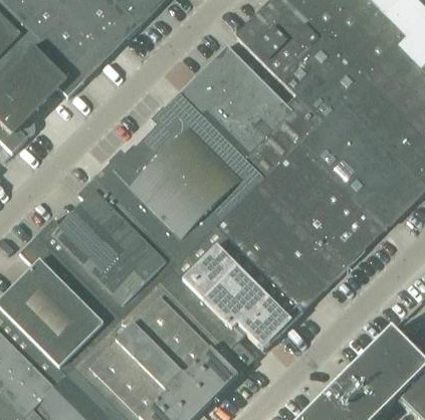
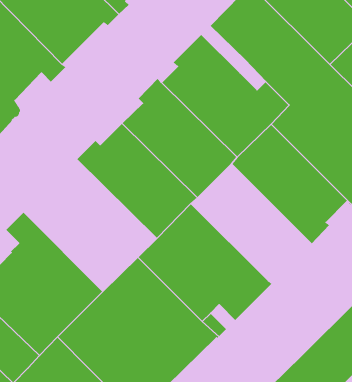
building: [38,178,180,319] -> none
building: [216,183,345,307] -> none

